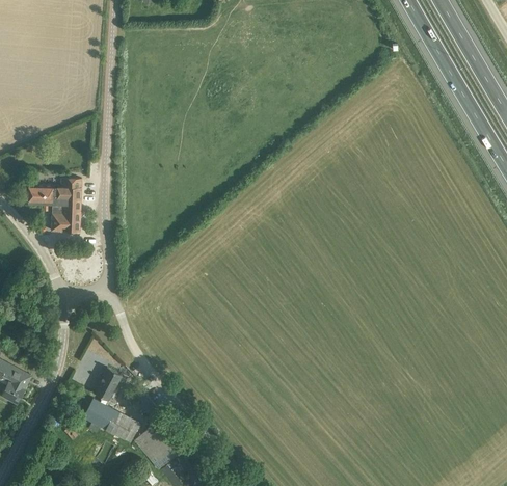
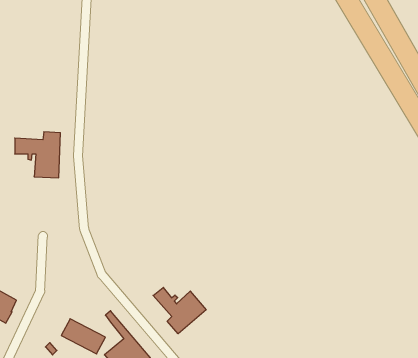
building: none -> [153,287,206,334]
building: [92,368,121,400] -> none

